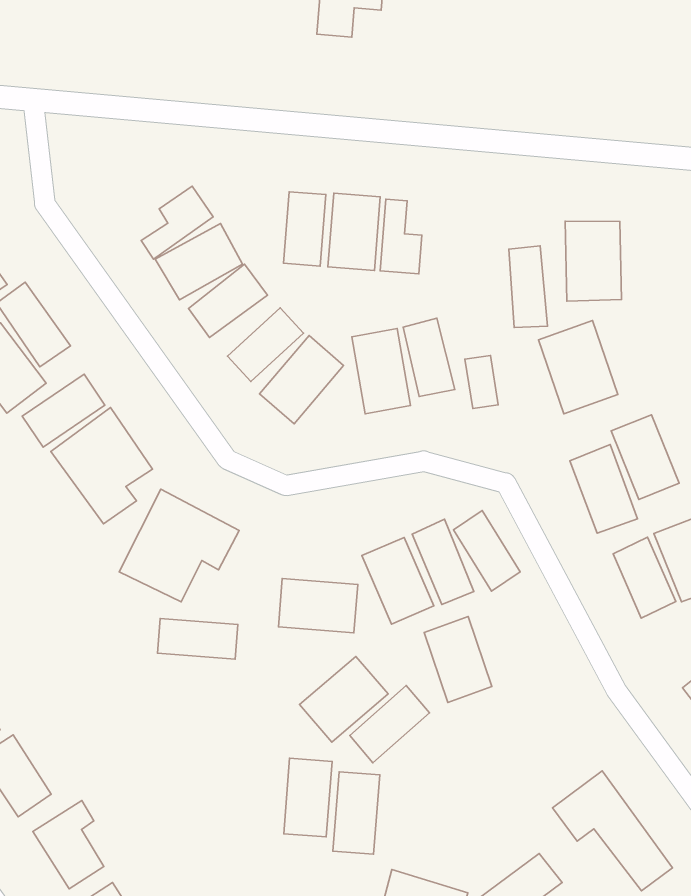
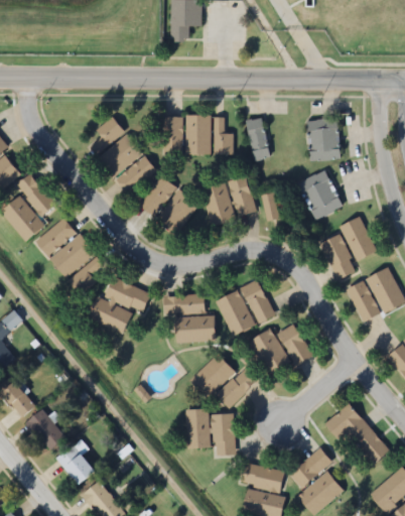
building: [509,246,547,327] -> [246,117,269,160]
building: [453,511,520,591] -> [277,325,313,366]
building: [158,618,238,659] -> [164,295,205,313]

